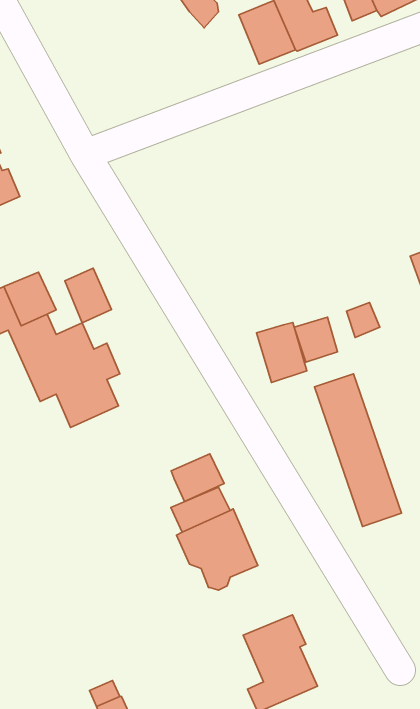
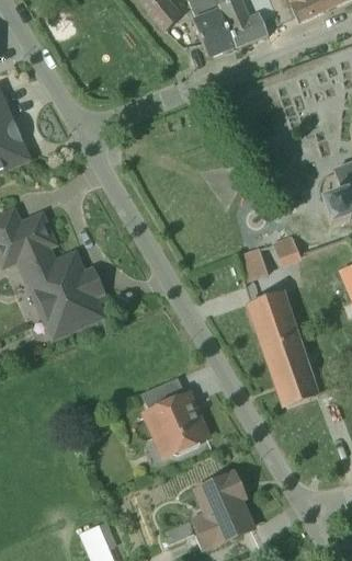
building: [65,268,112,323] -> none
building: [256,322,307,383] -> none
building: [171,454,224,502] -> none

